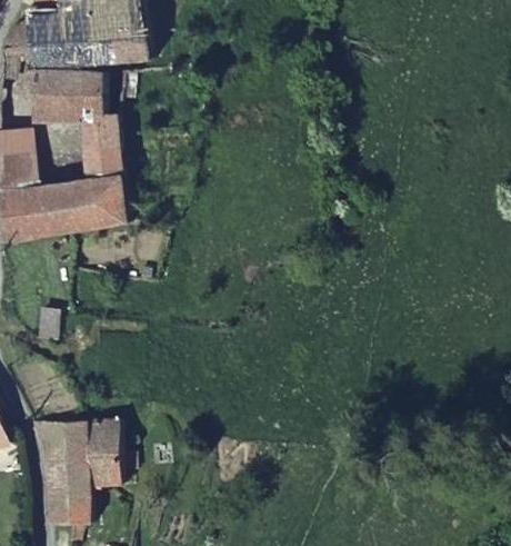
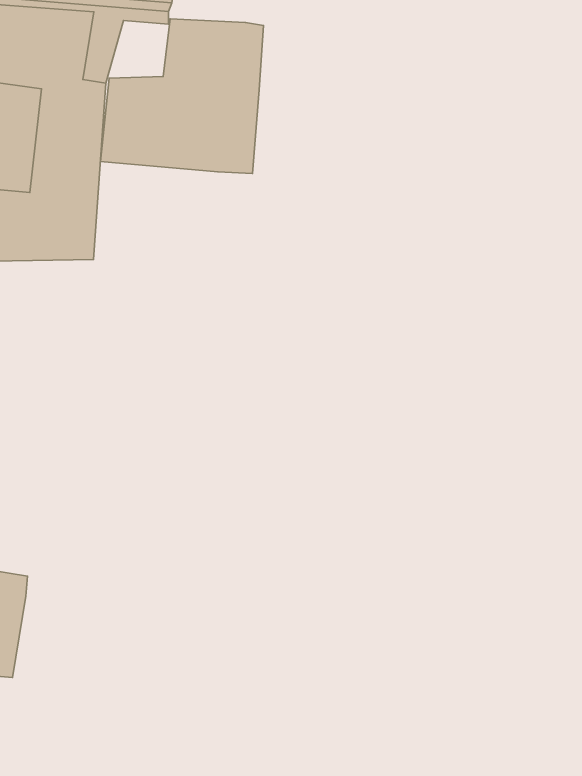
building: none -> [100,19,263,173]

